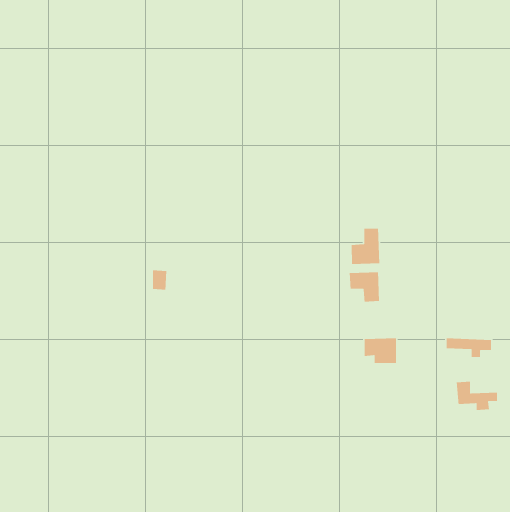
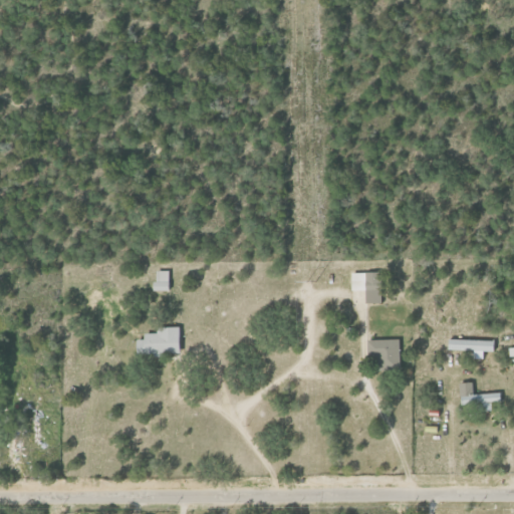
building: [351,228,380,265] -> none
building: none -> [138,326,180,354]

